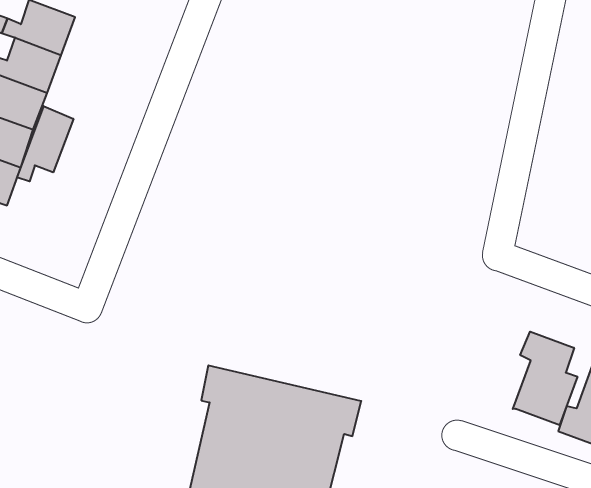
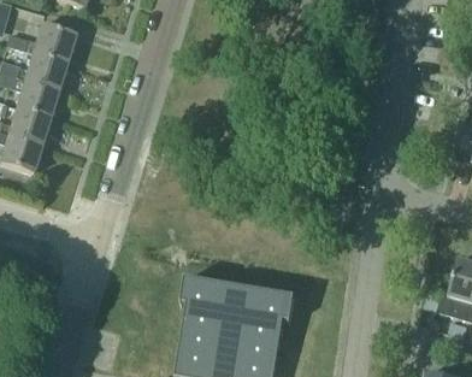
building: [17,106,73,181] -> none
building: [513,332,577,425] -> none

